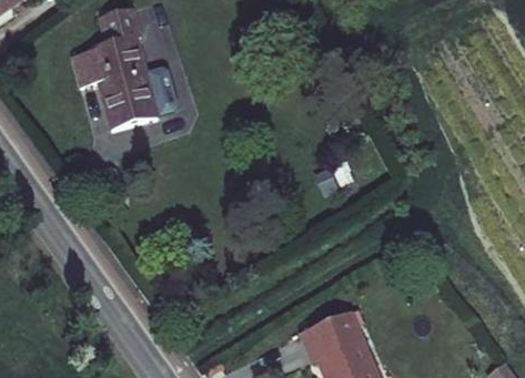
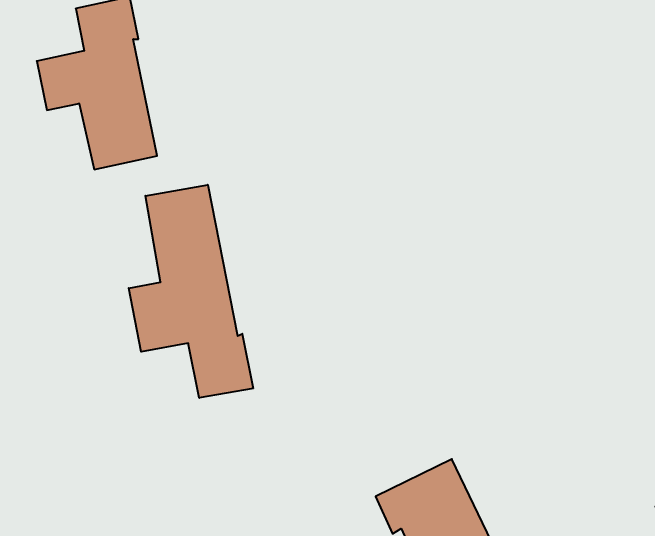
building: none -> [129,185,253,398]

